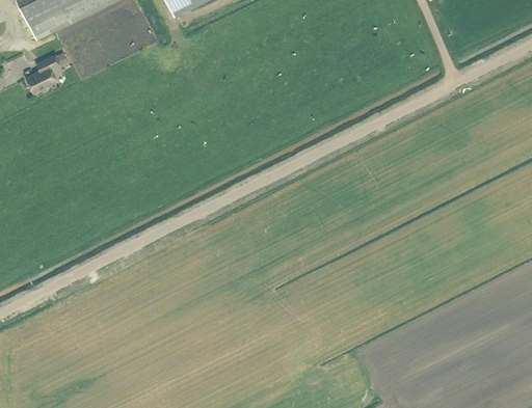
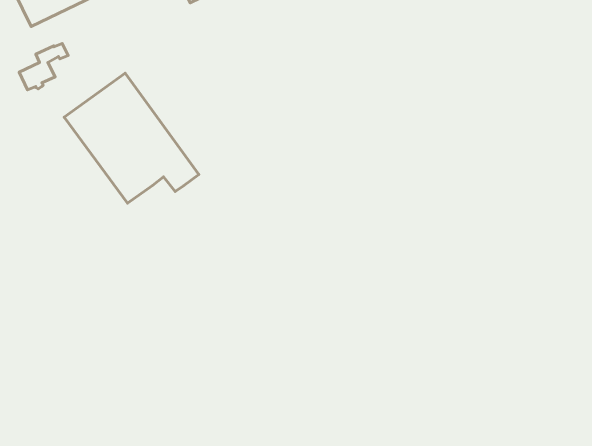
building: none -> [64,73,199,203]

